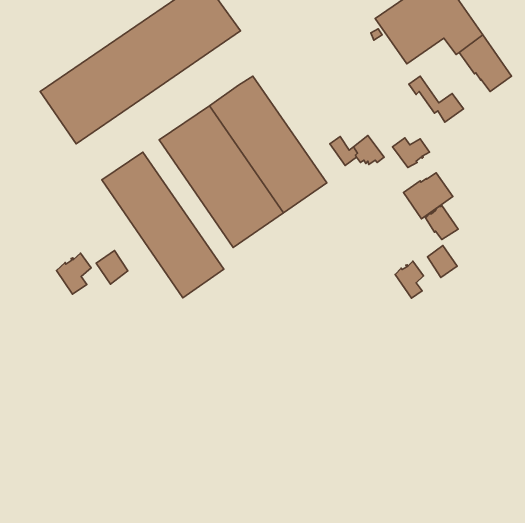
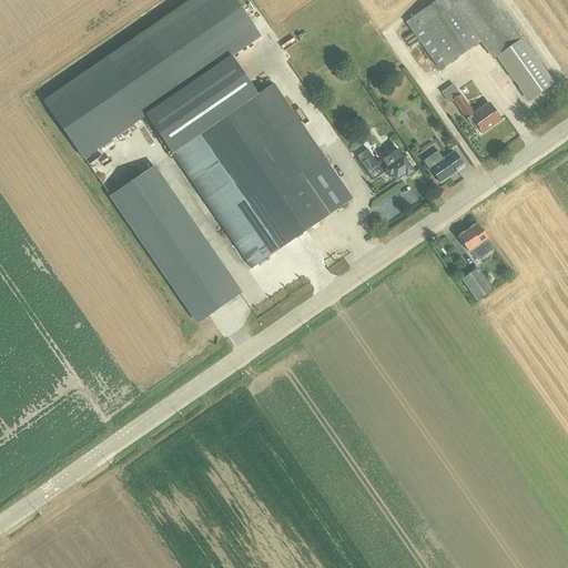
building: none -> [145,53,257,151]
building: [404,173,453,219] -> none
building: [96,251,128,284] -> none
building: [56,253,91,294] -> none
building: [395,261,424,298] -> none

